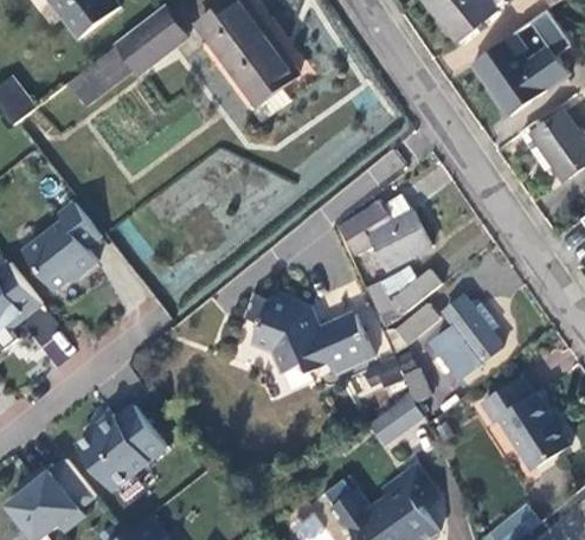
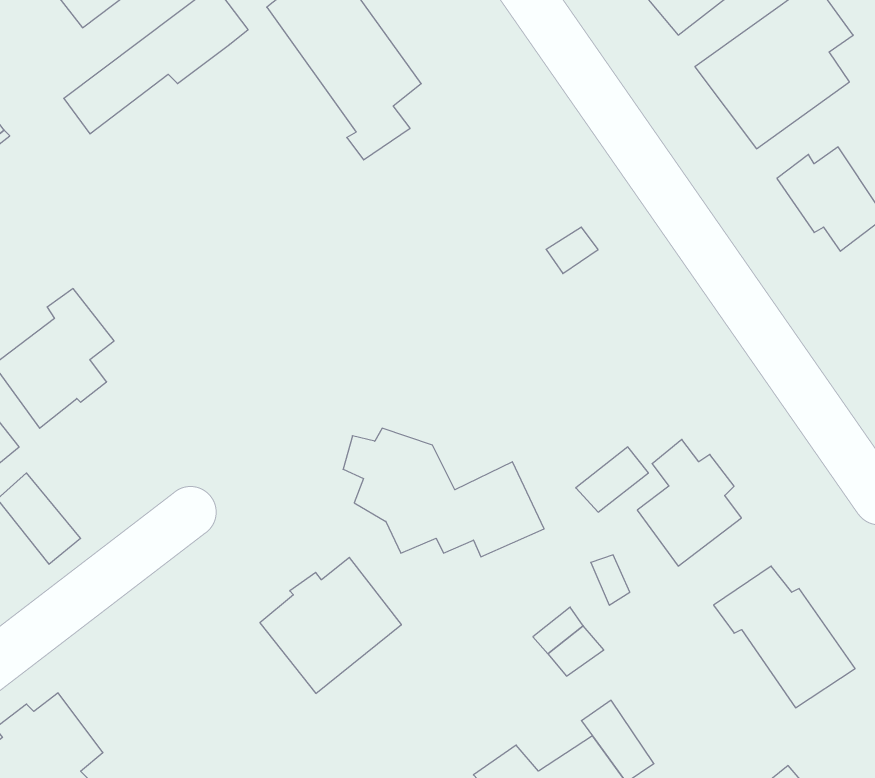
building: [339,197,433,271] -> none
building: [367,274,439,327] -> none
building: [75,404,165,490] -> [260,557,401,693]

